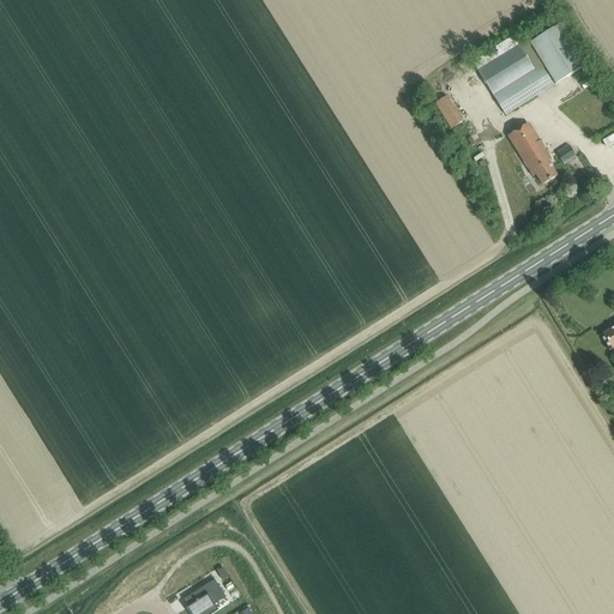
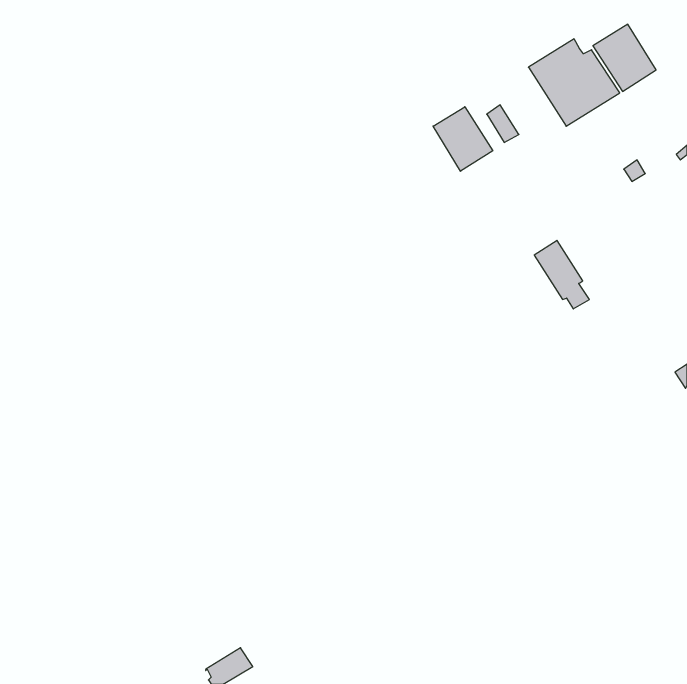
building: none -> [433,107,493,171]
building: [507,121,556,182] -> [534,240,589,309]

